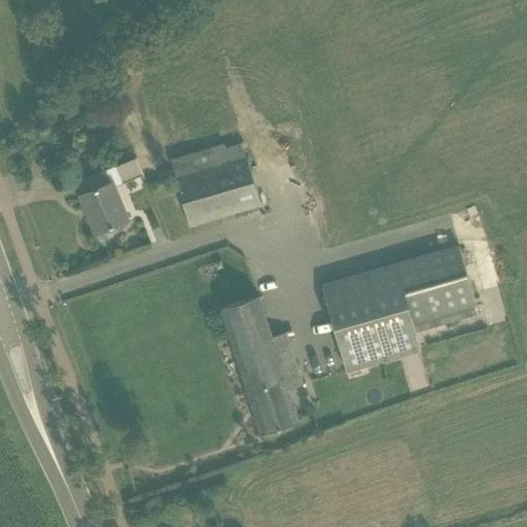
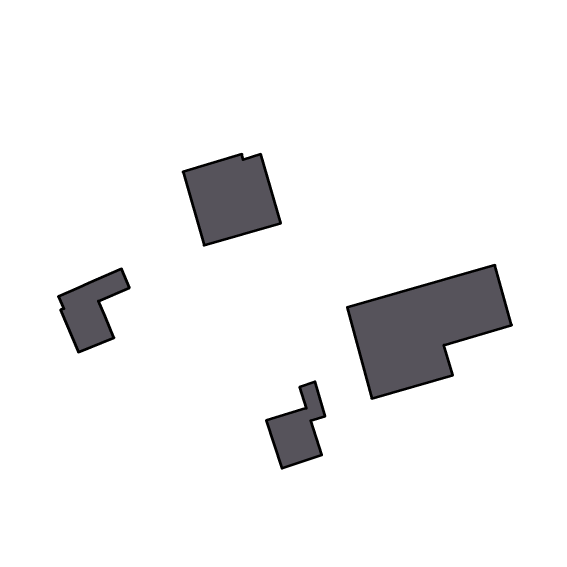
building: [77,157,143,235] -> [58,269,129,352]
building: [221,296,292,390] -> none

